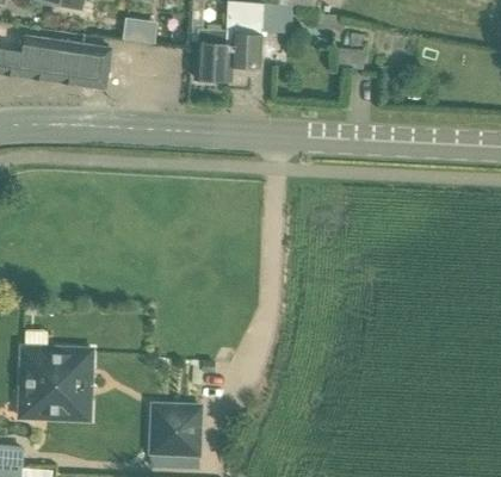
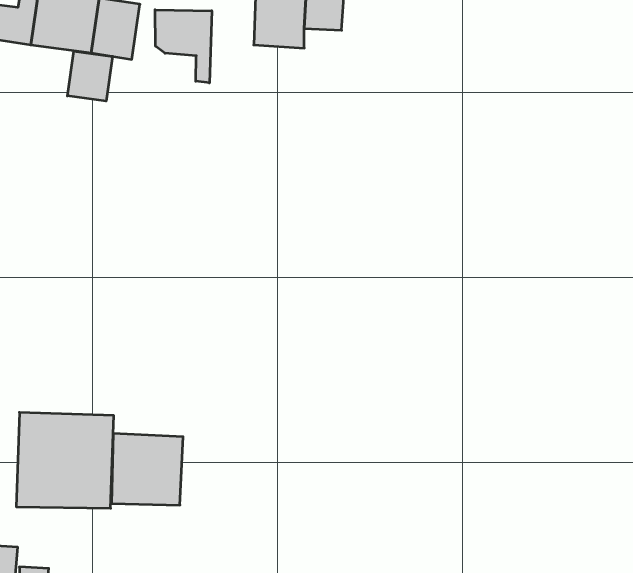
building: none -> [155,10,212,83]
building: none -> [67,51,113,101]
building: [150,401,203,453] -> [112,434,183,505]

